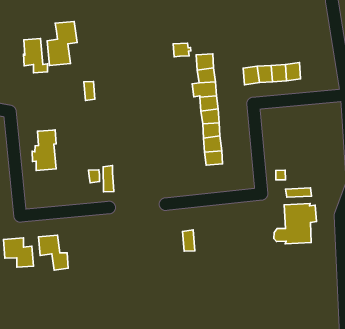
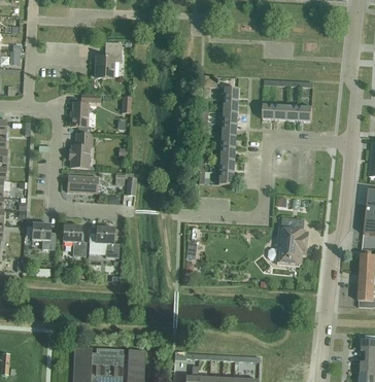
building: [24,39,48,73] -> [70,102,91,133]
building: none -> [67,173,98,192]
building: none -> [90,224,120,256]

